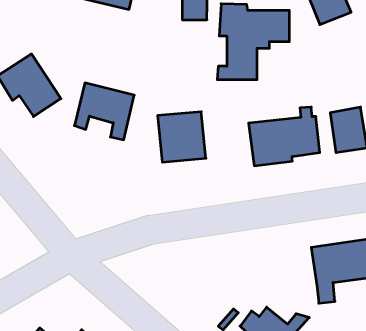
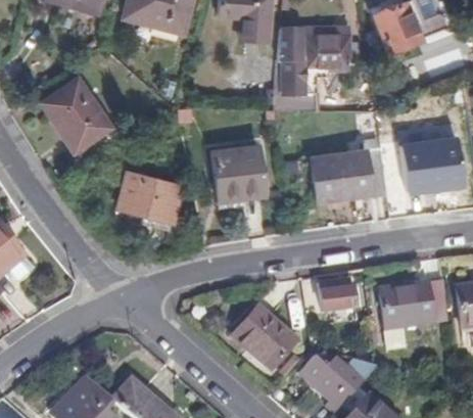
building: [74,83,134,140] -> [114,174,179,235]
building: none -> [319,279,354,314]
building: none -> [235,308,295,367]

